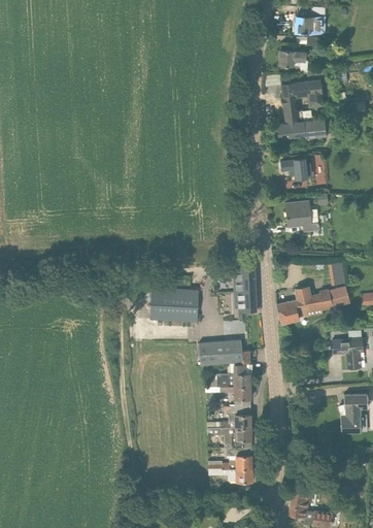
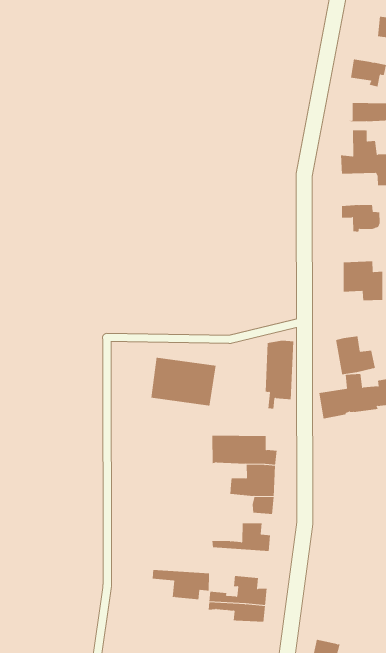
building: none -> [335,335,375,375]
building: [207,427,251,448] -> [152,569,210,600]

